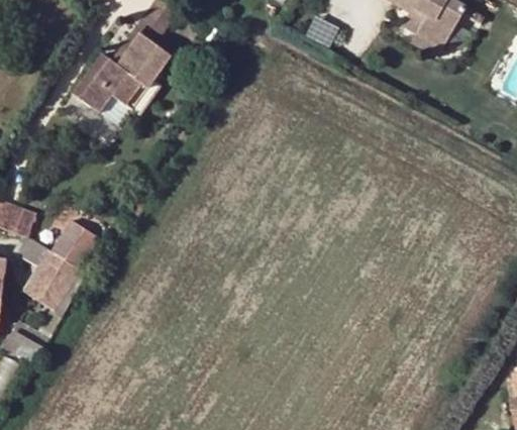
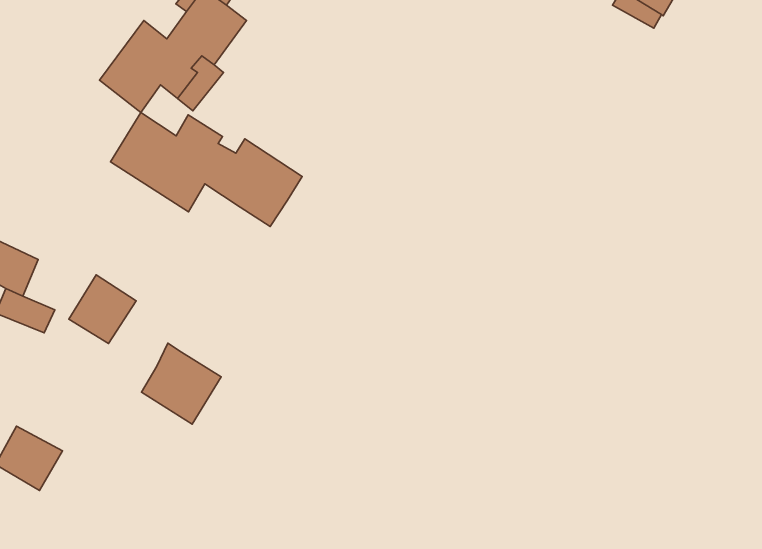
building: none -> [110,112,302,226]
building: [26,243,79,297] -> [142,343,221,424]

